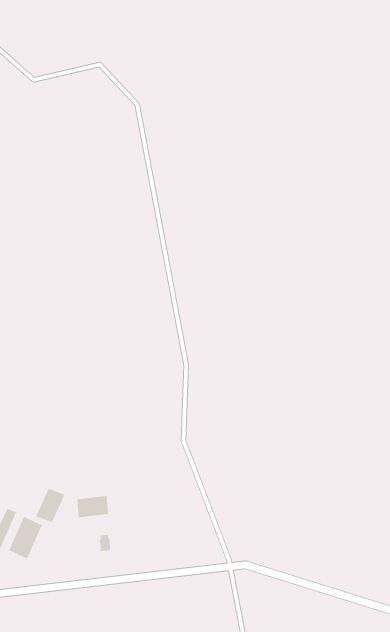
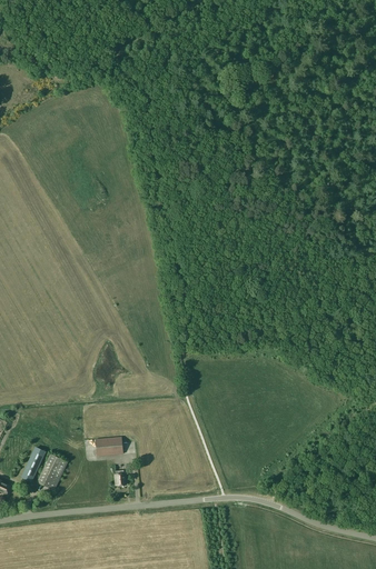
building: [35,488,65,523] -> none

